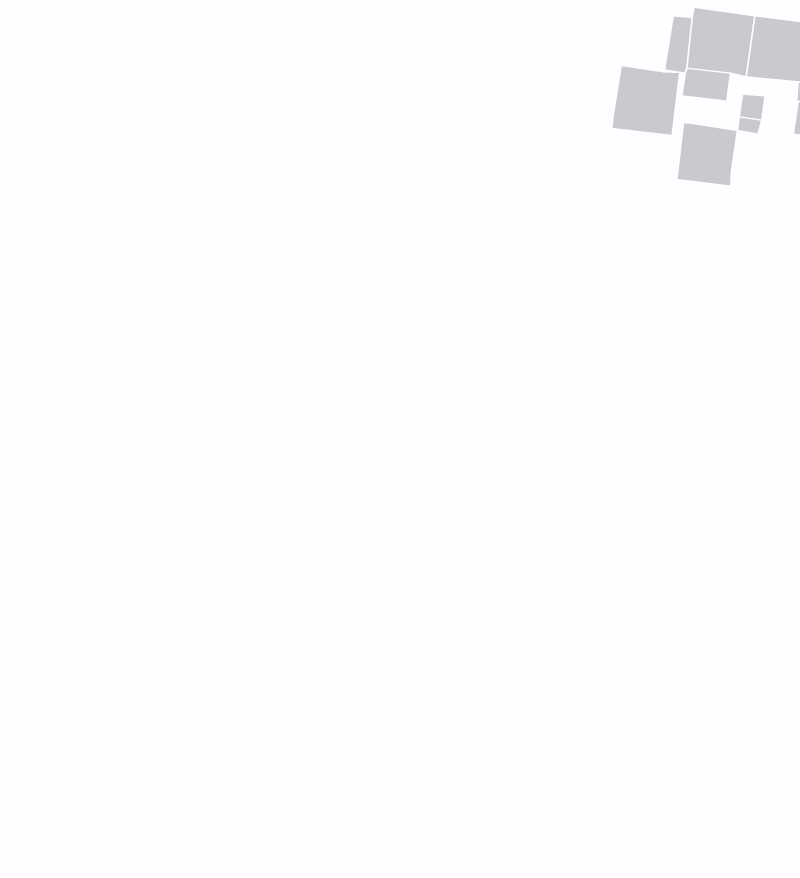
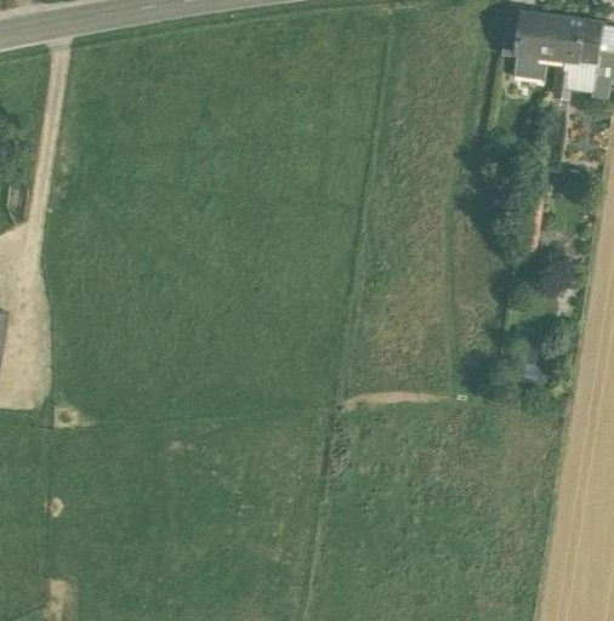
building: [612,66,680,136] -> none
building: [677,123,737,186] -> none

